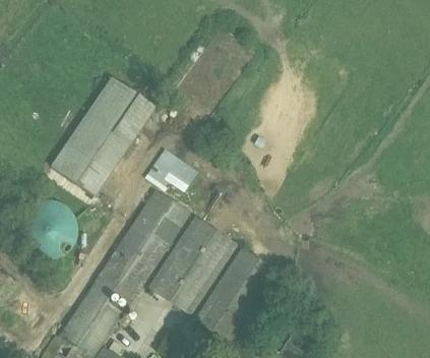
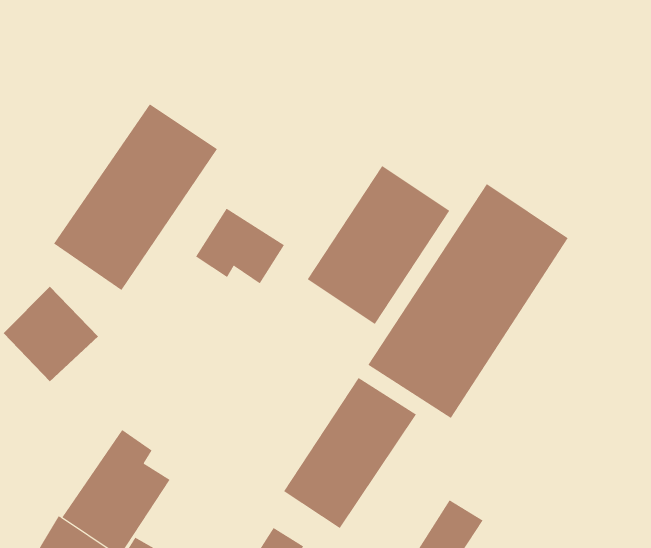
building: none -> [367,183,569,419]
building: [95,189,190,303] -> none
building: [148,216,238,315] -> [307,165,450,325]

